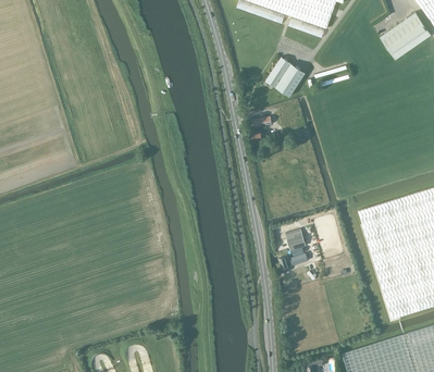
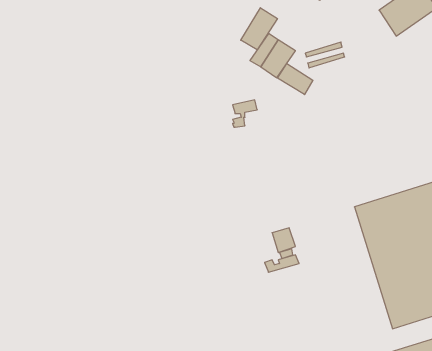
building: none -> [241,8,277,50]
building: none -> [277,63,313,95]

